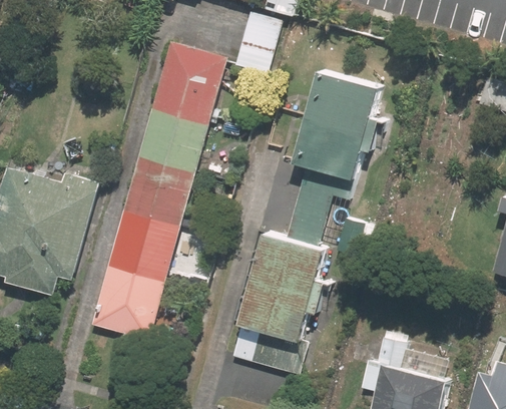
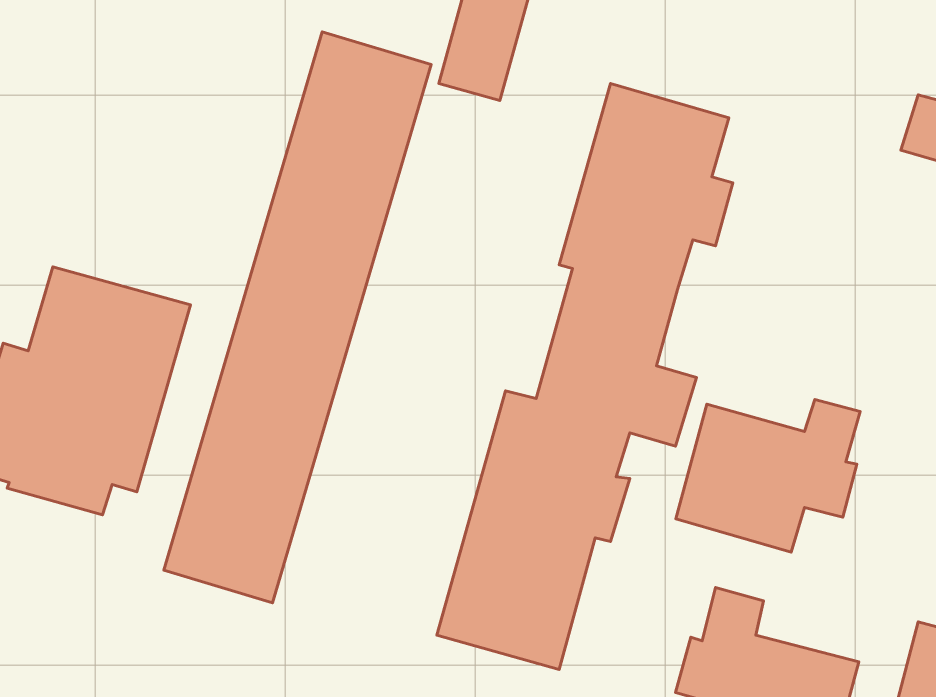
building: none -> [676,400,860,552]

